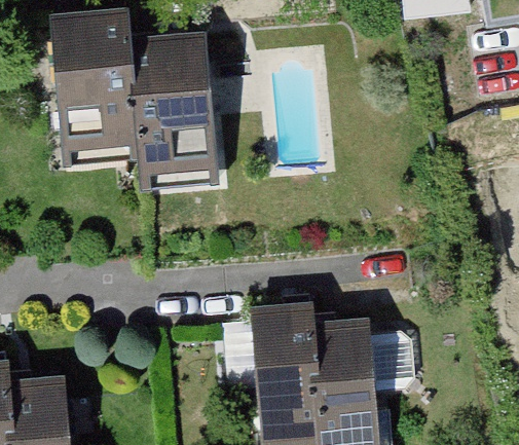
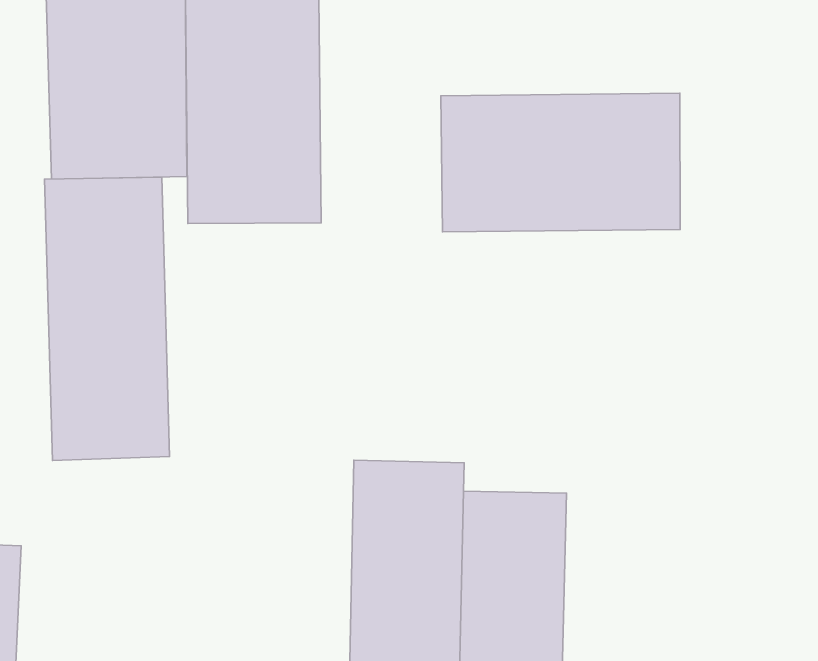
building: none -> [441,93,680,232]
building: none -> [45,177,170,460]

